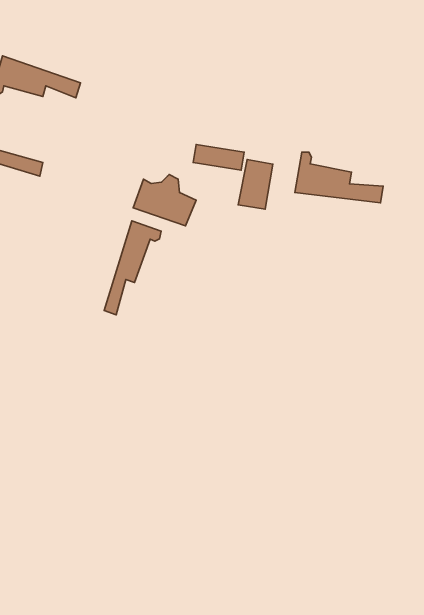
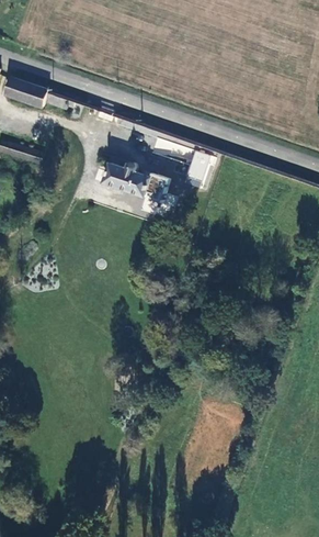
building: [295,152,383,203] -> none
building: [104,221,161,315] -> none

